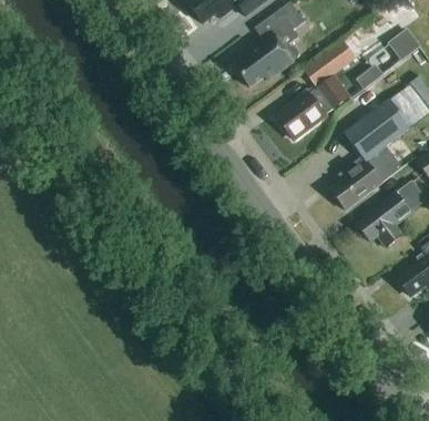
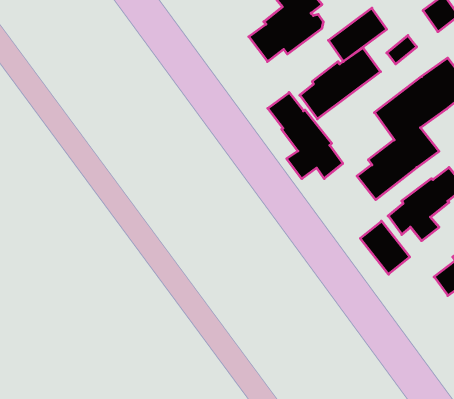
building: none -> [268,92,343,179]
building: none -> [360,221,410,274]

